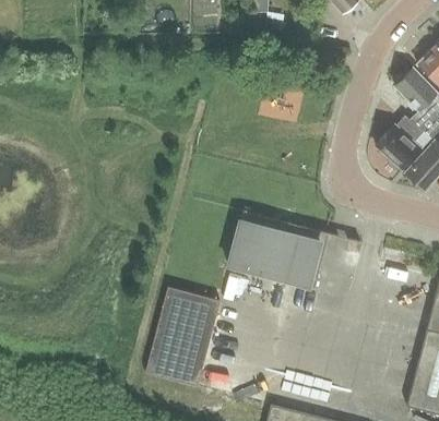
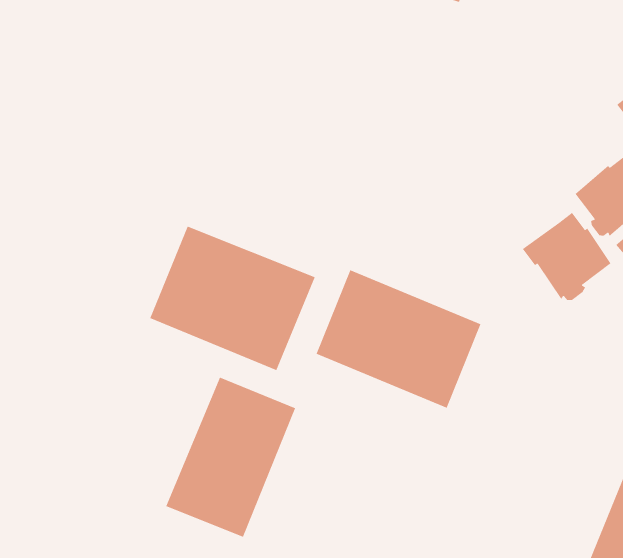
building: none -> [522,212,611,301]
building: none -> [149,226,316,371]

